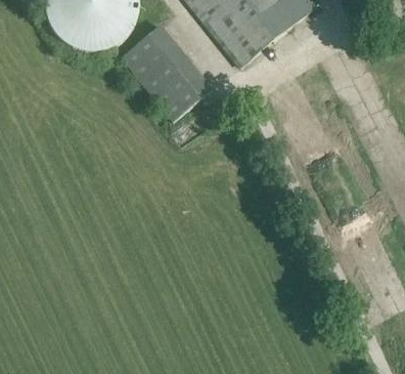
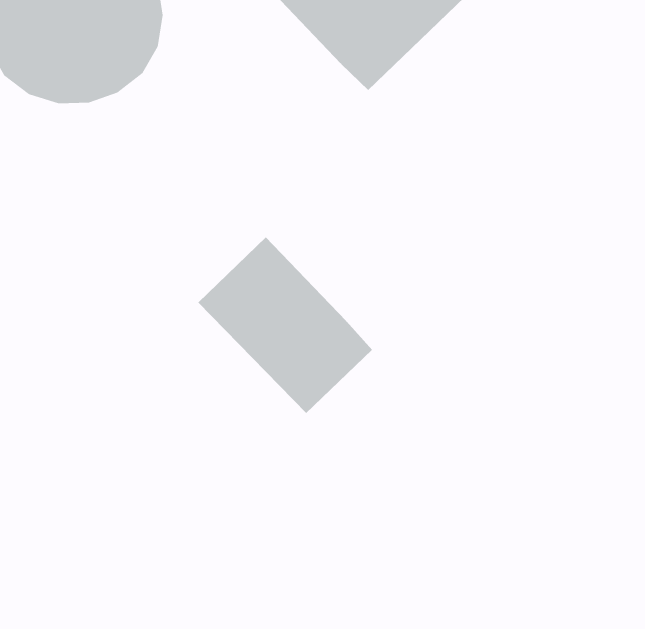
building: [122,25,212,120] -> [198,236,373,414]

